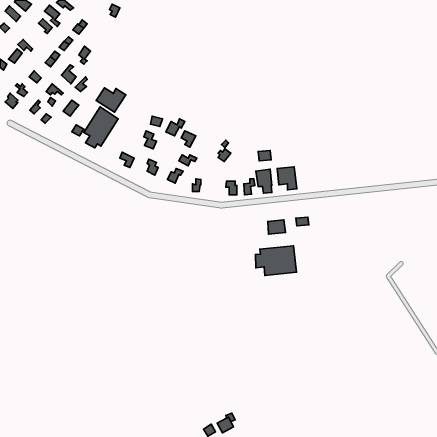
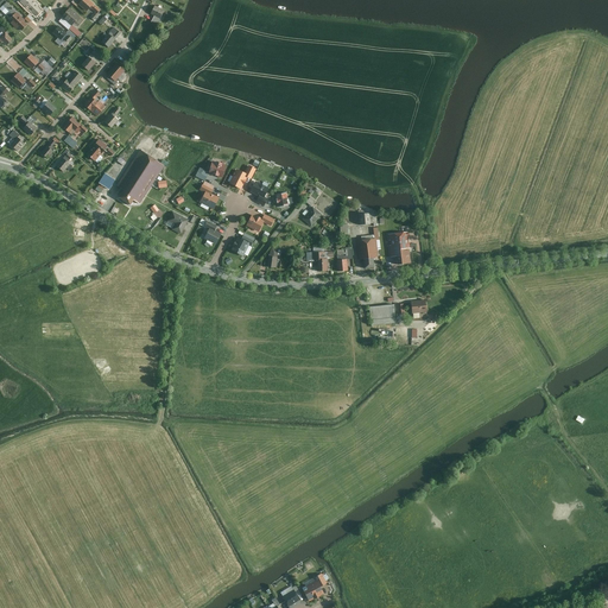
building: [96,88,126,112] -> none
building: [255,246,296,275] -> none

